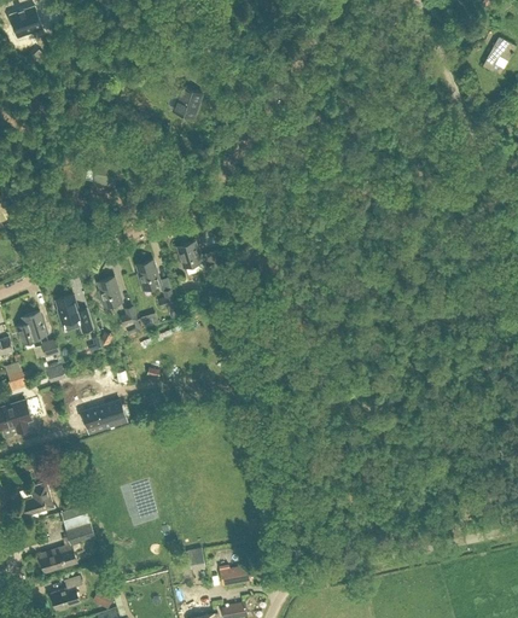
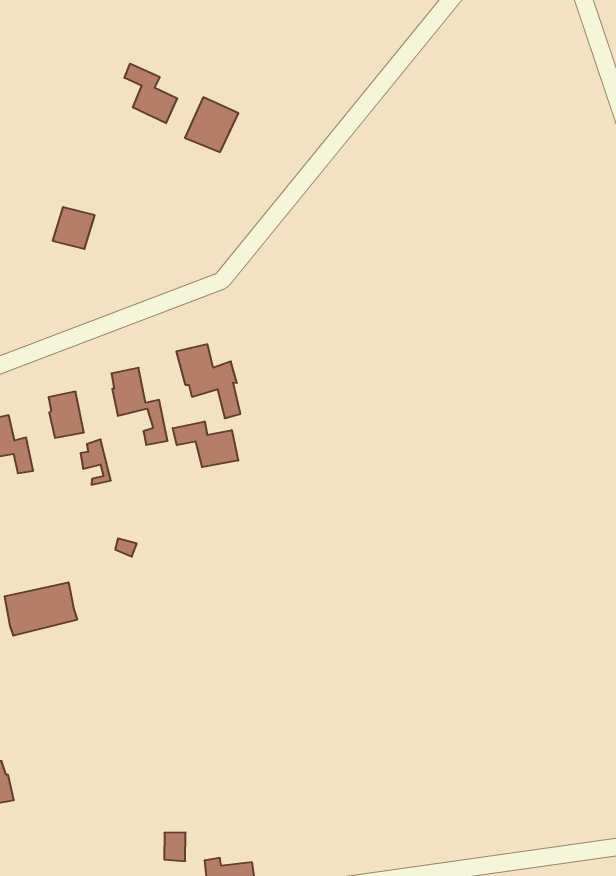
building: none -> [124,64,177,123]
building: none -> [173,421,238,467]

